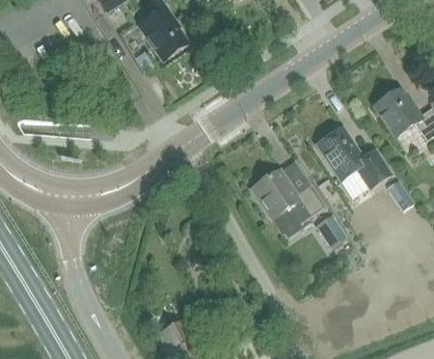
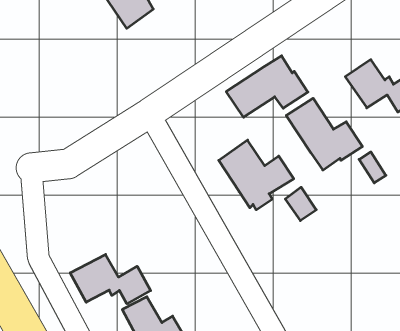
building: none -> [226,56,308,117]
building: none -> [70,254,151,304]

